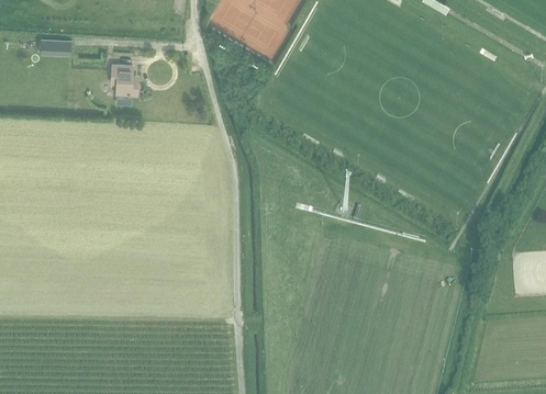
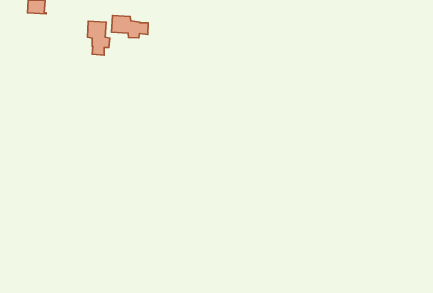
building: none -> [111,15,148,38]

